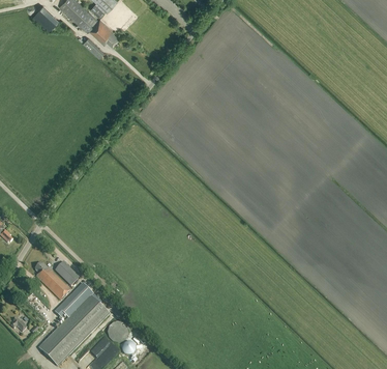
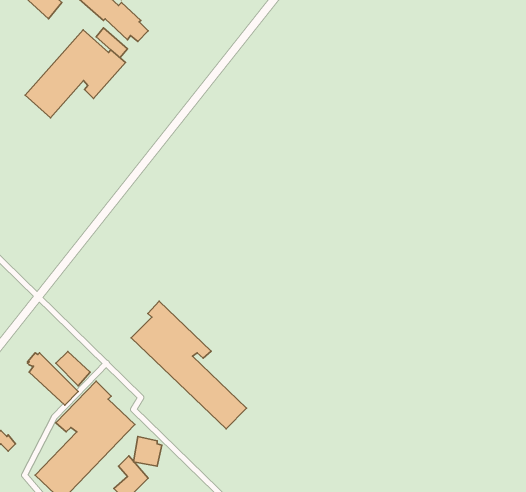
building: none -> [25,30,126,118]
building: none -> [131,301,246,429]

